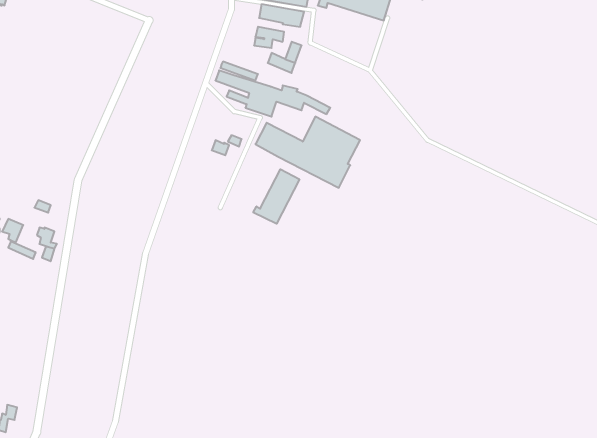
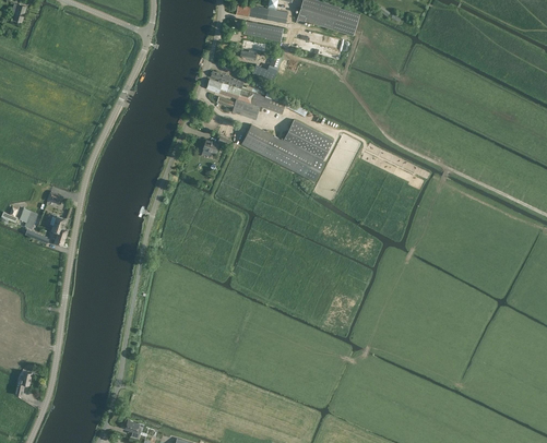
building: [253,169,299,224] -> none

